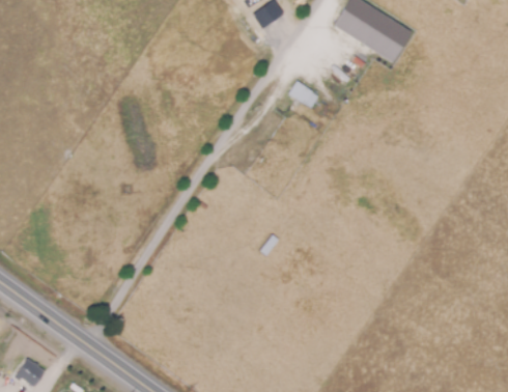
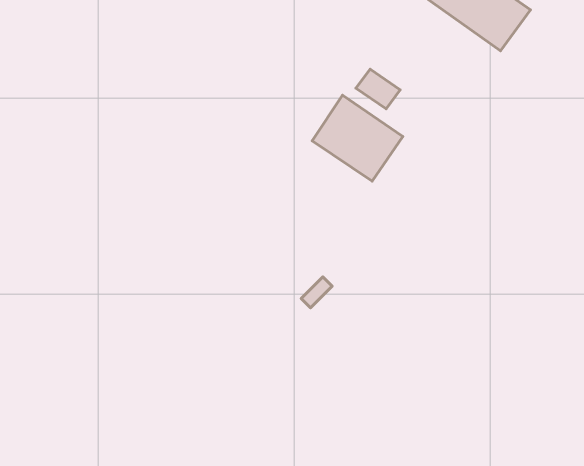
building: none -> [312,95,403,181]

